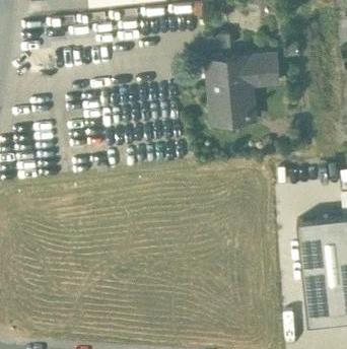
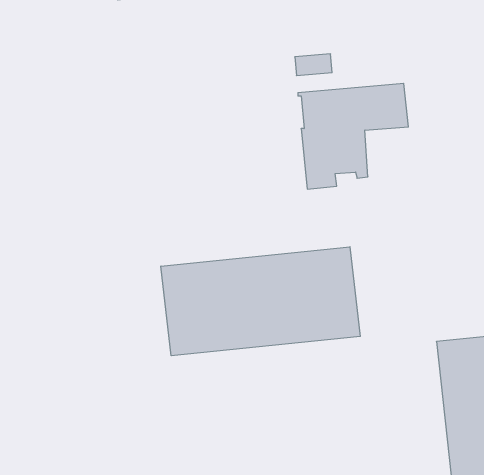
building: none -> [161,247,360,356]

